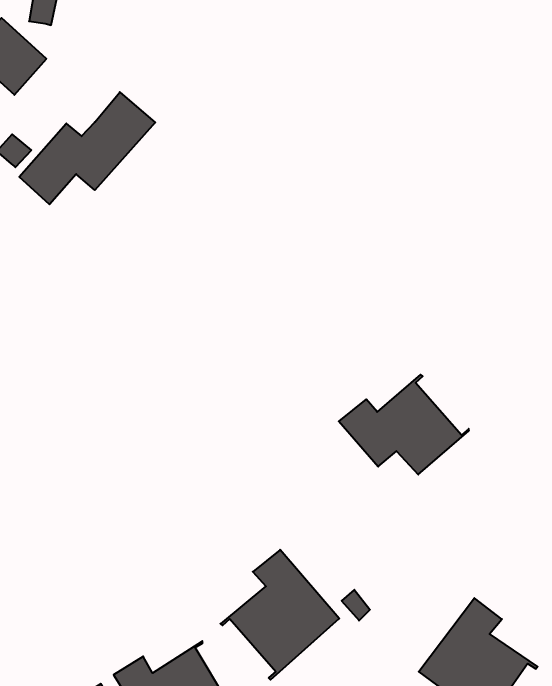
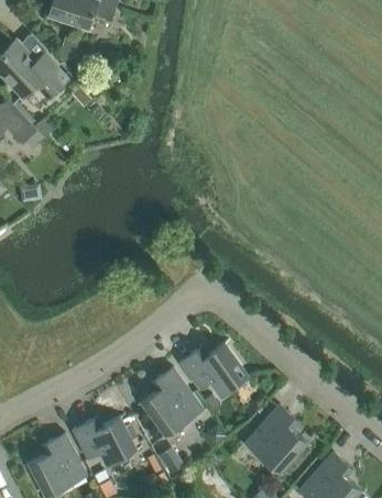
building: [19,92,155,204] -> none
building: [339,375,469,475] -> [179,340,252,396]

